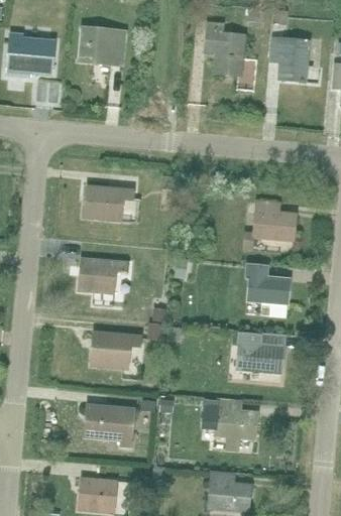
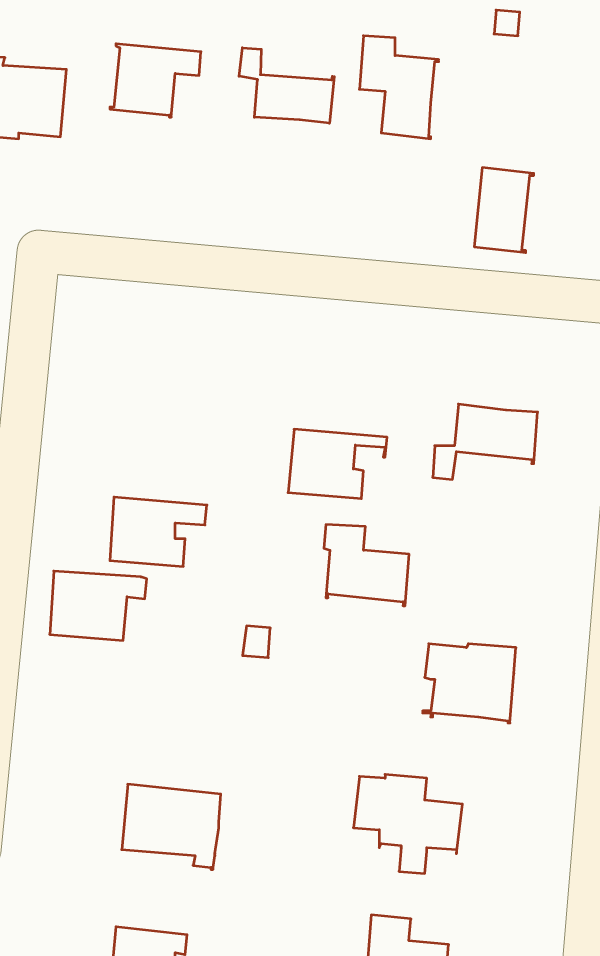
building: none -> [239,48,334,123]
building: [279,38,310,82] -> [474,168,534,253]
building: [84,185,134,221] -> [288,429,387,499]
building: [246,264,290,305] -> [324,525,409,606]
building: [91,333,140,368] -> [50,571,147,640]

